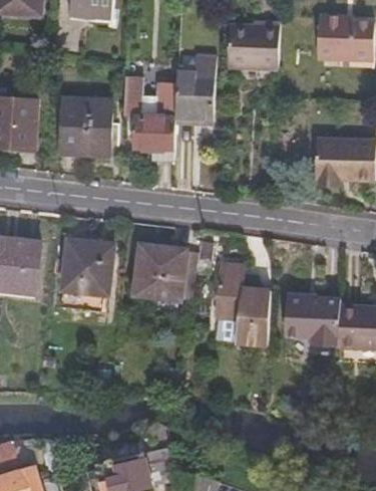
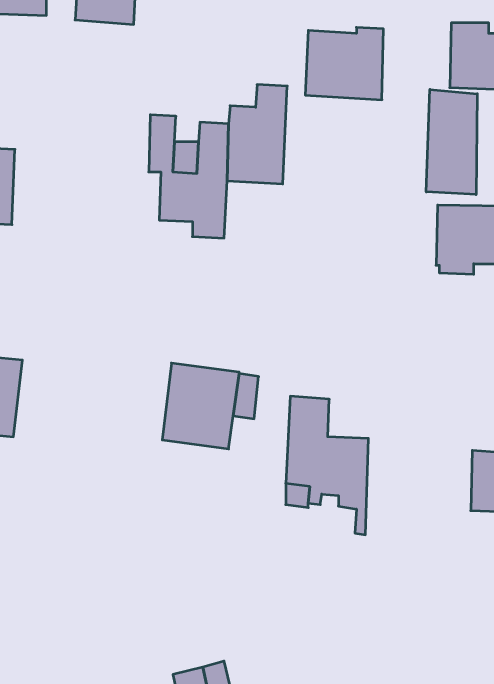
building: none -> [426,89,477,195]
building: [61,98,112,158] -> none
building: [60,236,112,306] -> none
building: [285,289,340,341] -> none

